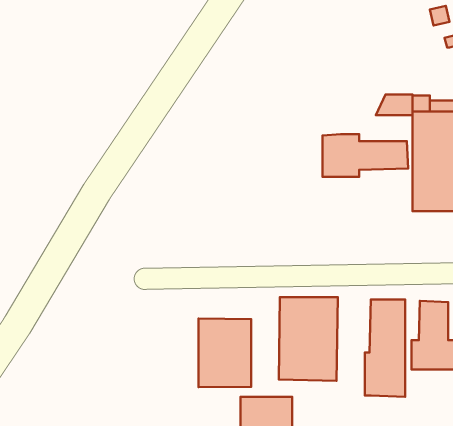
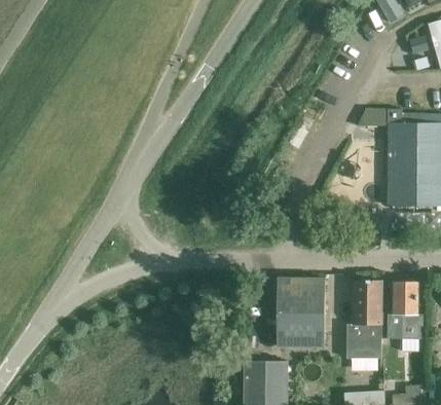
building: [323,134,408,177] -> none
building: [199,318,251,387] -> none

